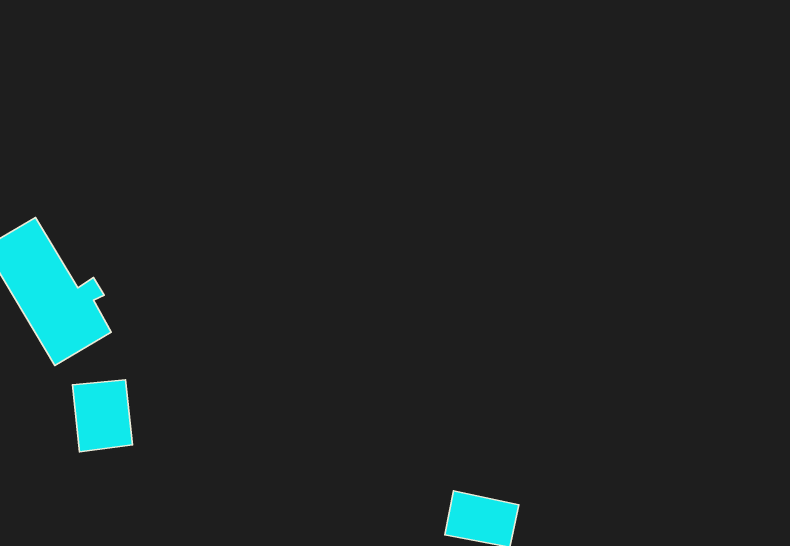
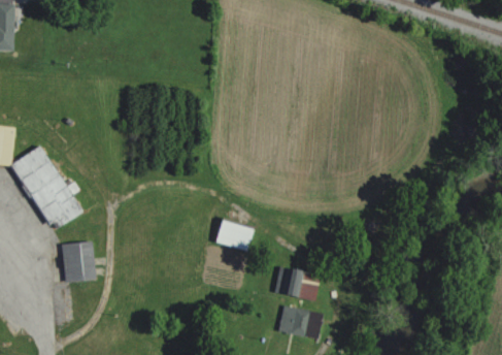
building: none -> [213,219,252,251]
building: none -> [274,267,319,299]

